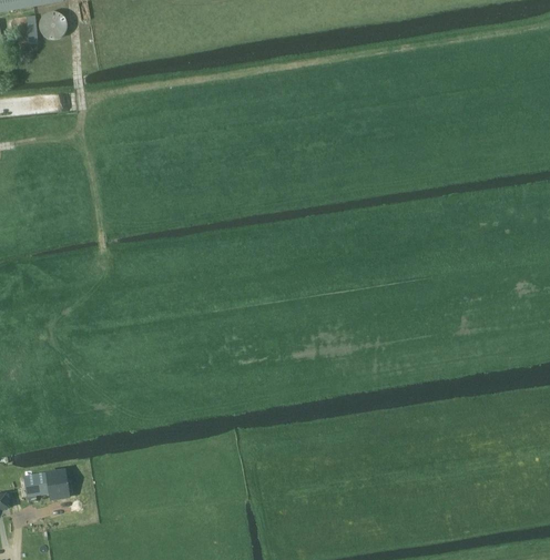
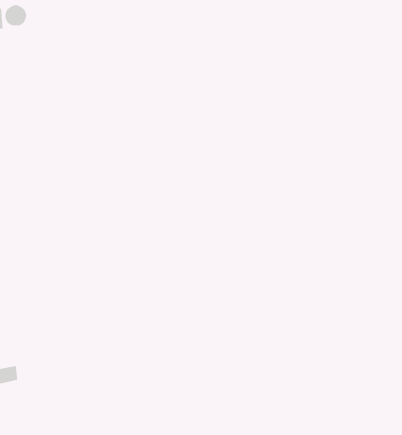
building: [49,468,70,498] -> none

